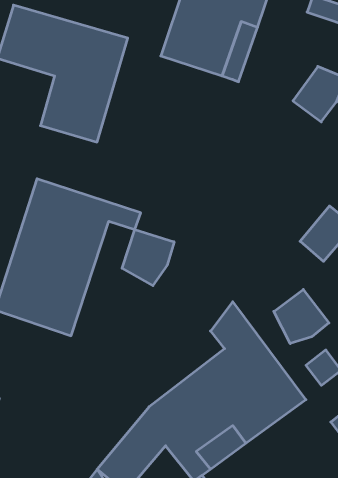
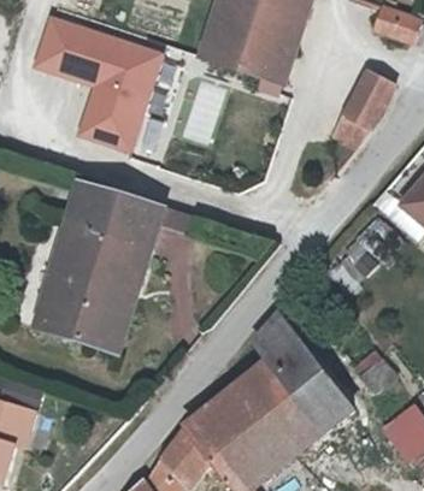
building: none -> [322,106,369,153]
building: [122,229,174,286] -> none
building: [274,289,329,344] -> none

